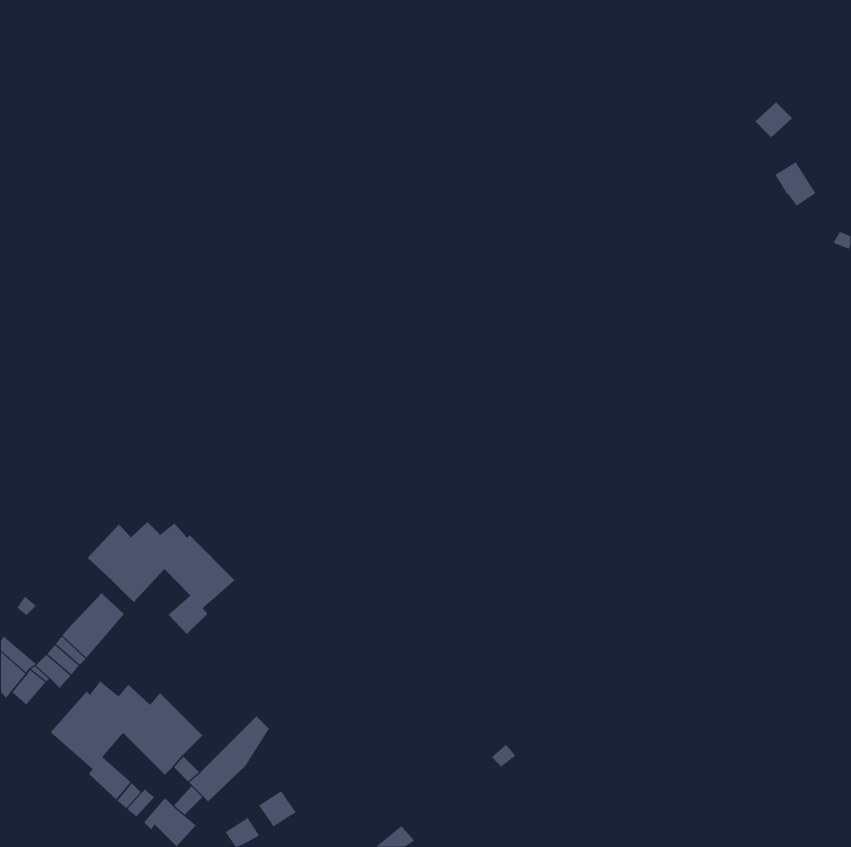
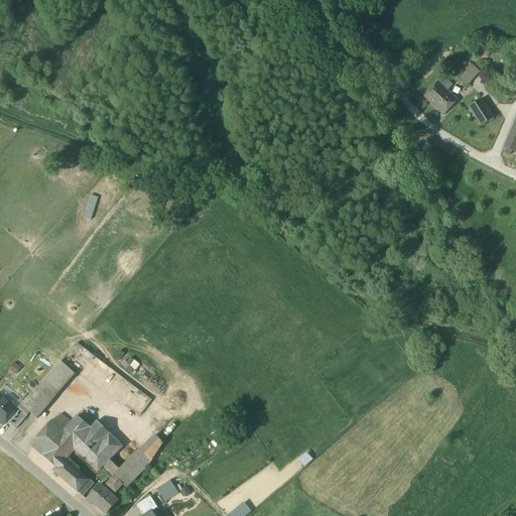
building: none -> [424,75,459,115]
building: [87,521,235,635] -> none

